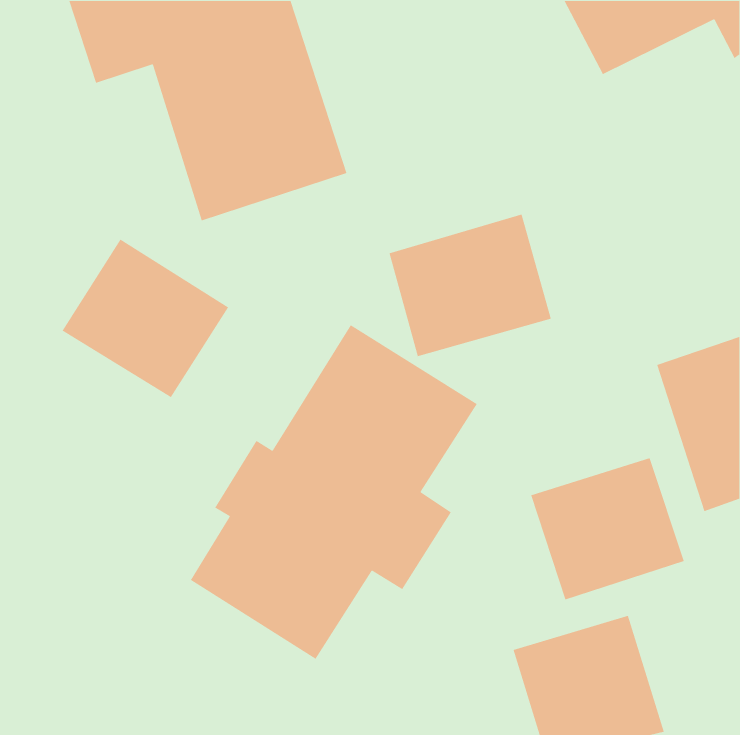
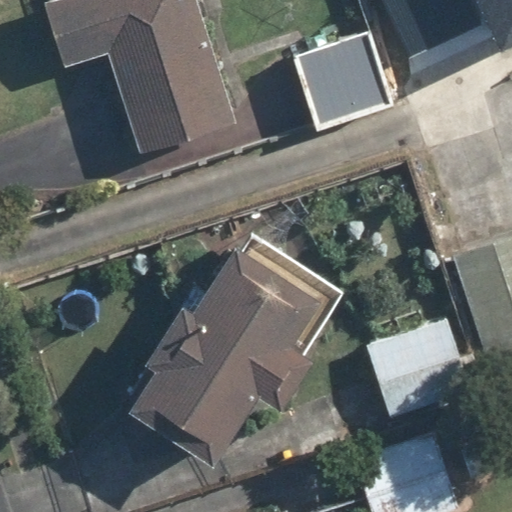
building: none -> [291,32,394,130]
building: [389,213,552,357] -> none
building: [62,239,229,398] -> none

